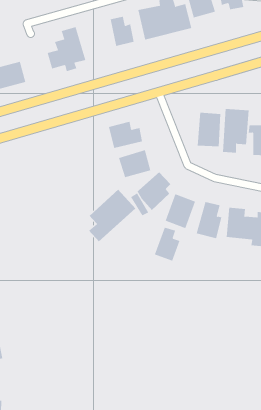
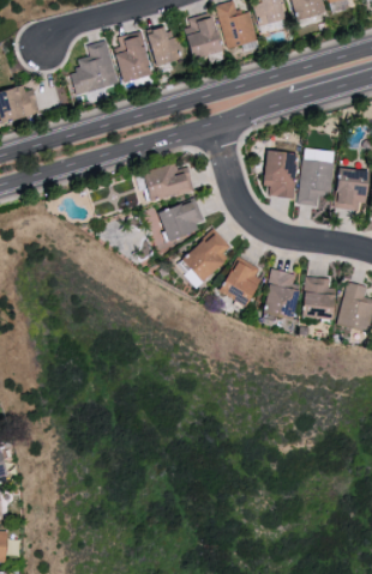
building: none -> [114,32,154,83]
building: [88,189,136,242] -> none
building: [154,227,180,261] -> none

